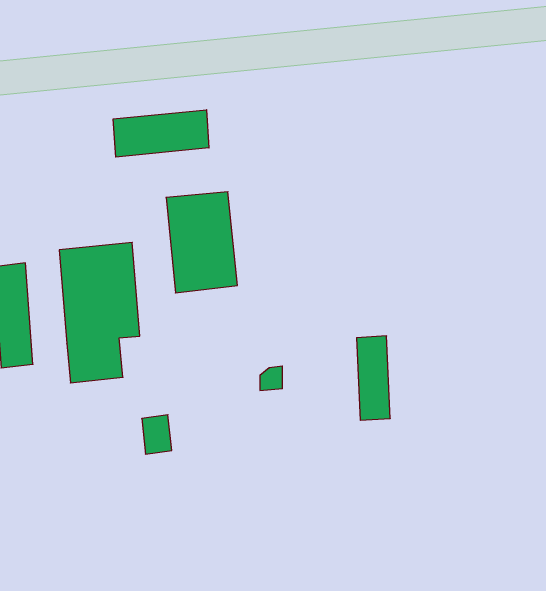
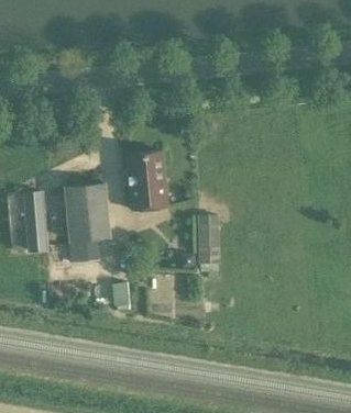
building: [113,110,209,157] -> none
building: [357,336,390,420] -> [198,214,218,264]

